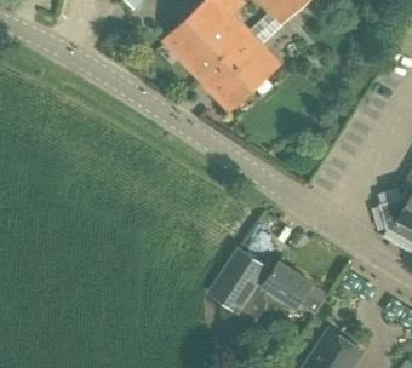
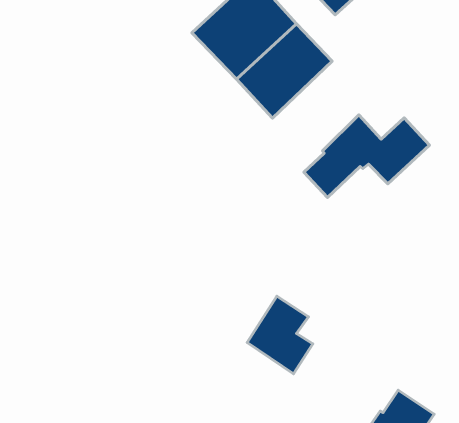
building: none -> [304,115,430,197]
building: [262,261,328,315] -> none

